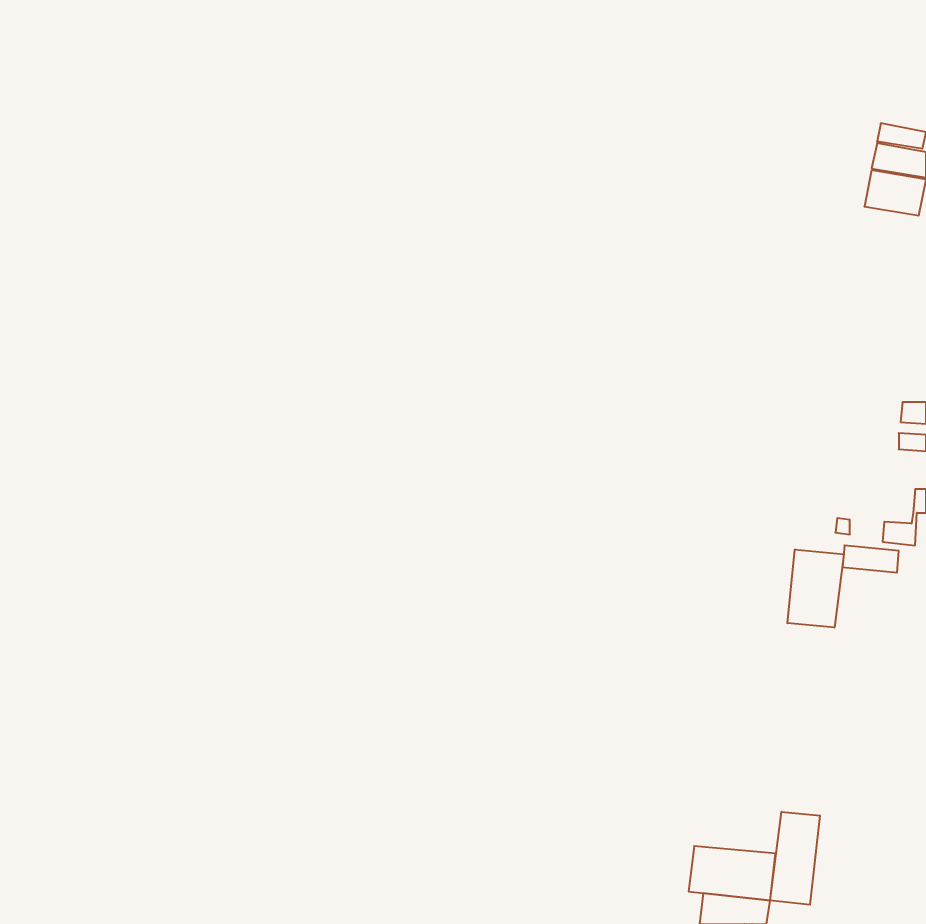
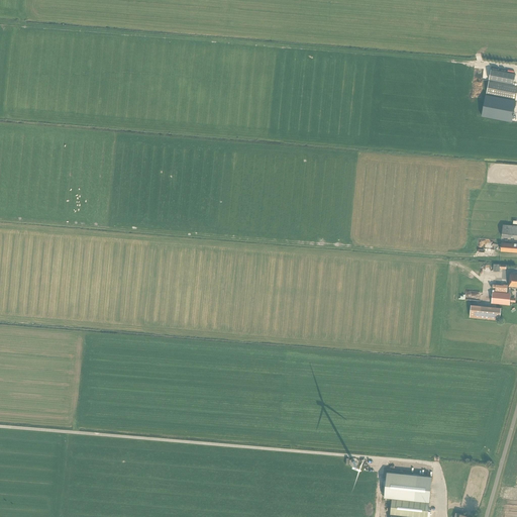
building: [787,549,844,628] -> none
building: [770,812,820,905] -> none

